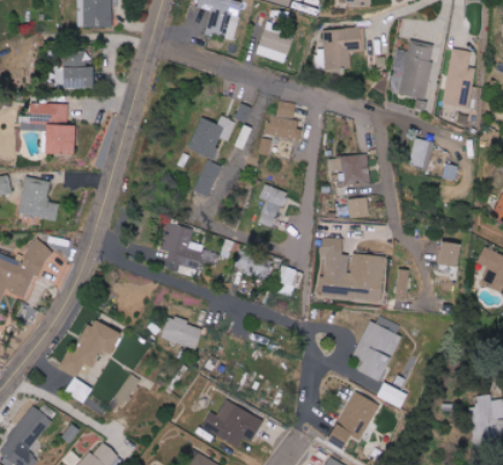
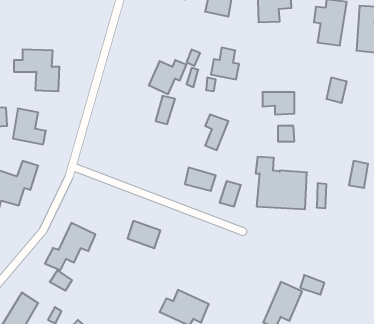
building: [54,52,94,88] -> none
building: [162,223,201,267] -> none
building: [353,320,400,381] -> none

